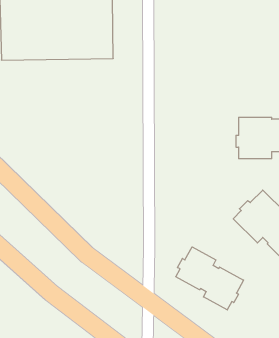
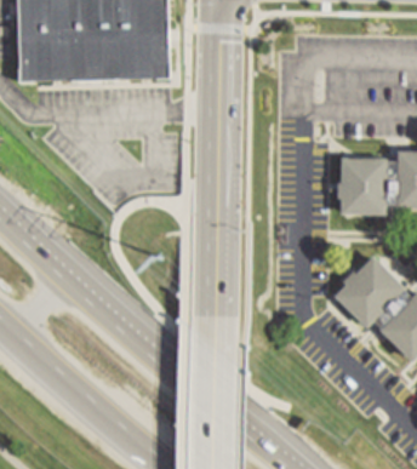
building: [176,247,244,310] -> none

